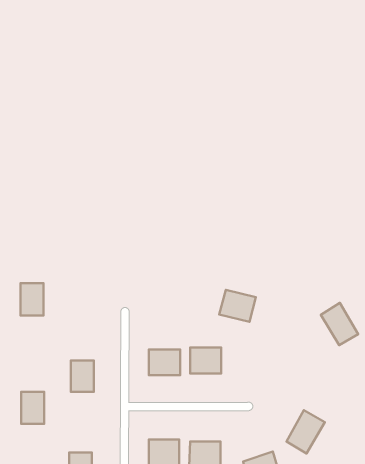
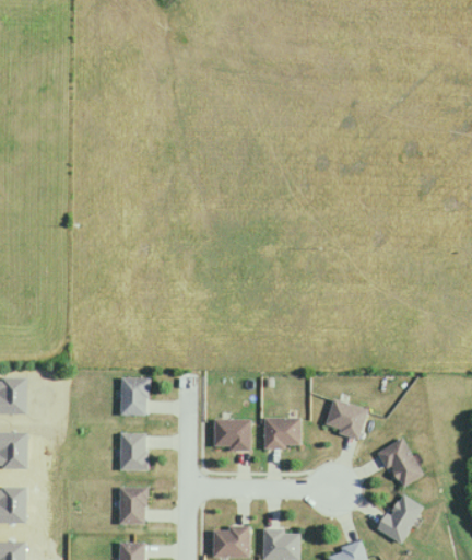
building: [21,283,44,315] -> [121,377,149,416]
building: [219,290,256,322] -> [324,399,368,438]
building: [321,303,358,345] -> [379,438,424,488]
building: [21,392,44,424] -> [120,487,148,525]

